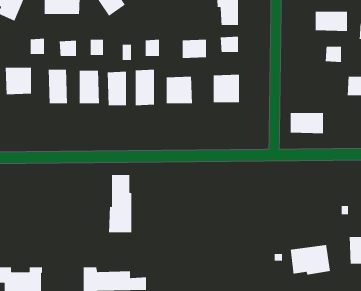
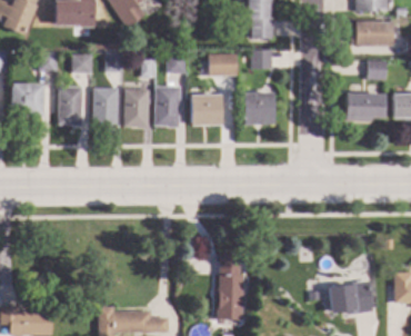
building: [290,112,324,134] -> [347,93,384,118]
building: [108,174,132,233] -> [217,254,243,319]

